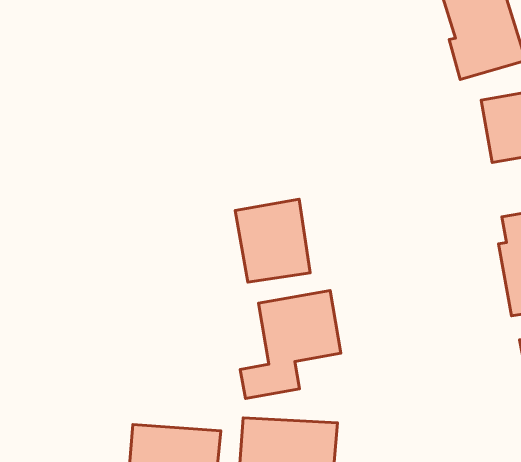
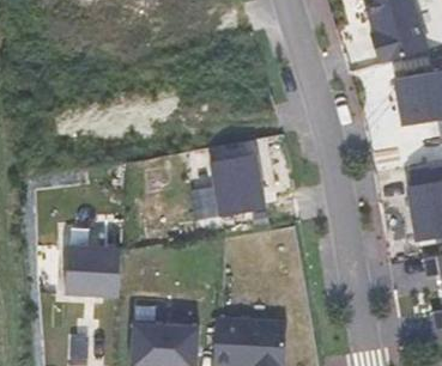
building: [240,291,341,398] -> none
building: none -> [66,245,122,295]

